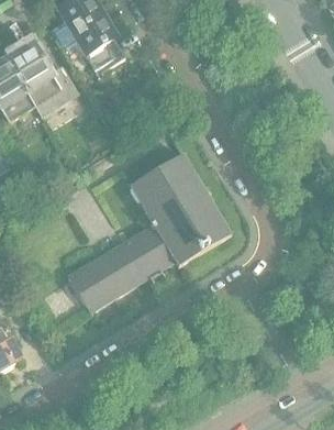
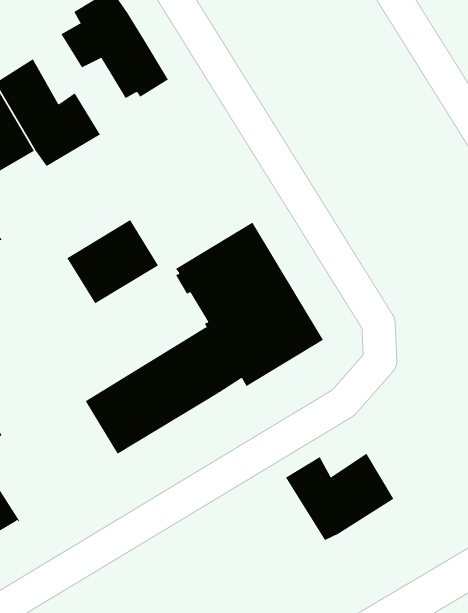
building: none -> [66,219,159,304]
building: none -> [285,453,394,541]

